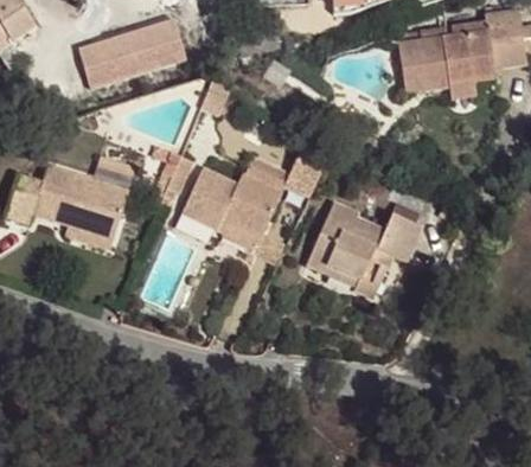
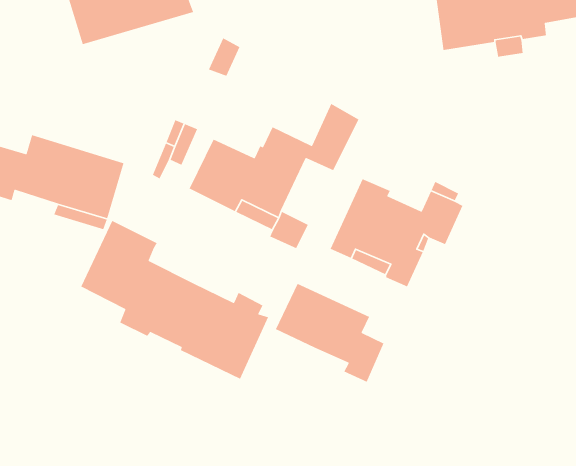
building: none -> [80,220,269,380]
building: none -> [275,283,385,383]

